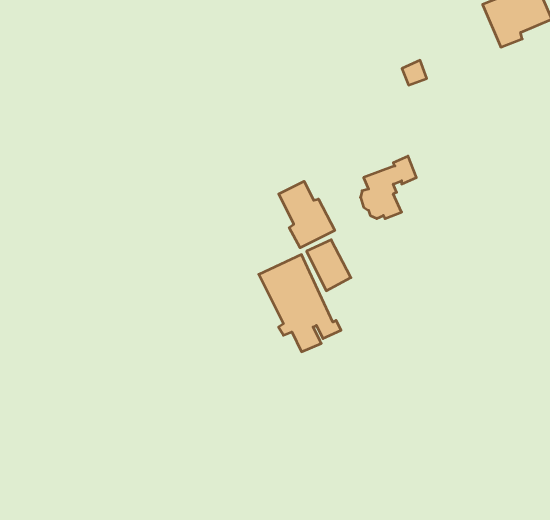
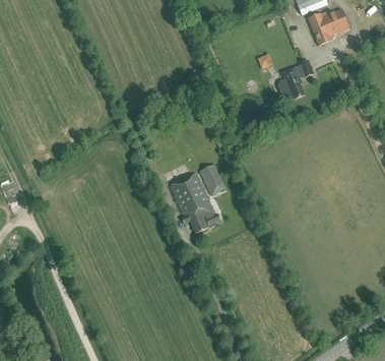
building: [360,156,416,219] -> [279,60,314,99]
building: [279,181,335,248] -> none

